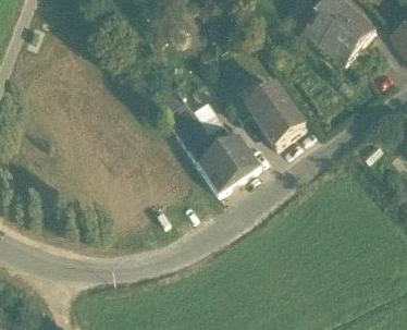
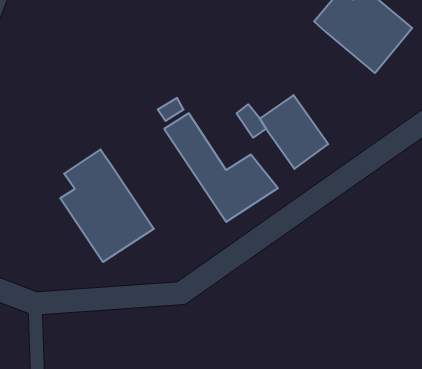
building: none -> [60,149,154,262]

